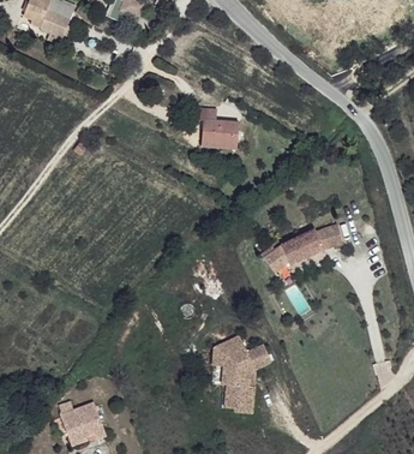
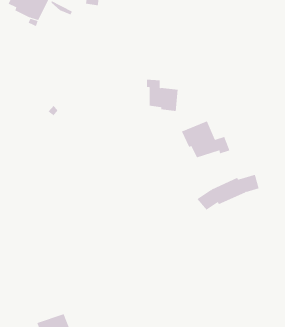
building: none -> [181,121,230,158]
building: [220,345,269,414] -> none

